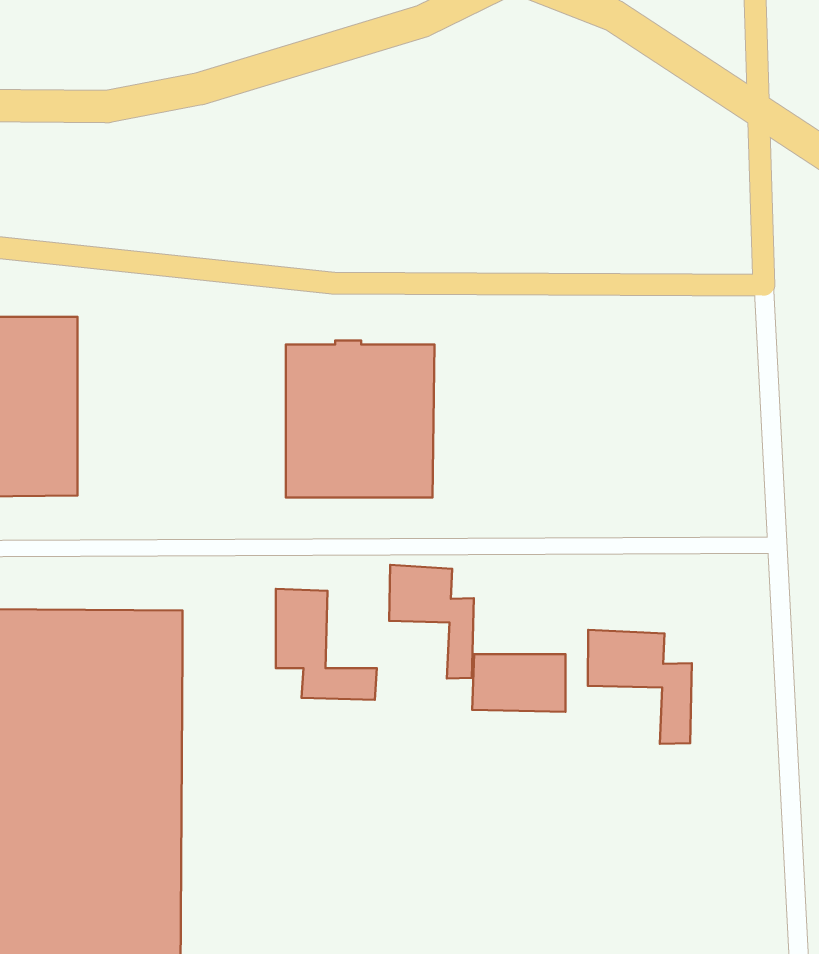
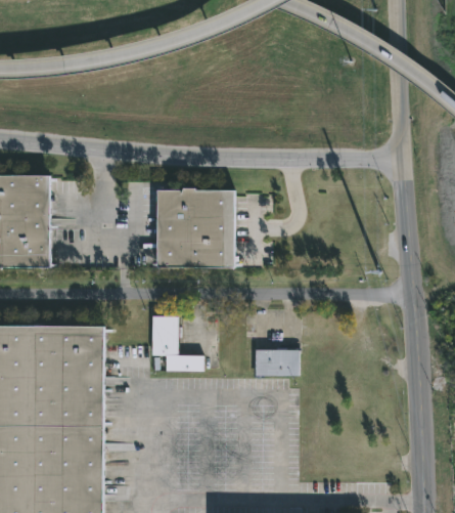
building: [389,565,474,678] -> none
building: [588,630,692,744] -> none

